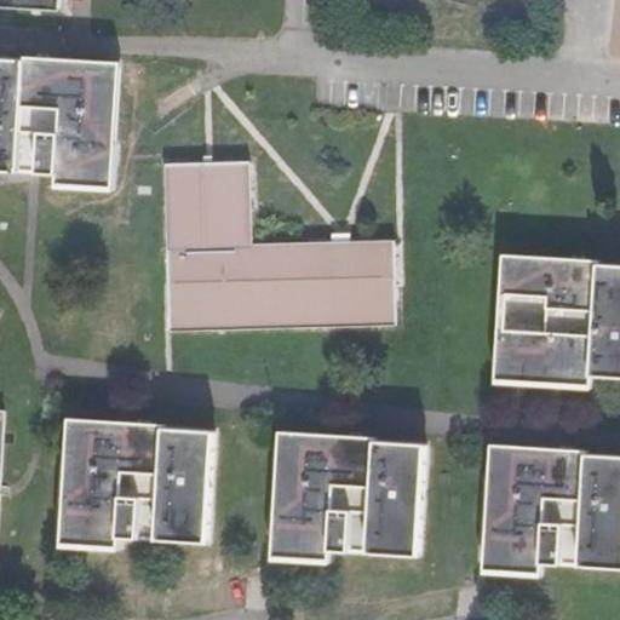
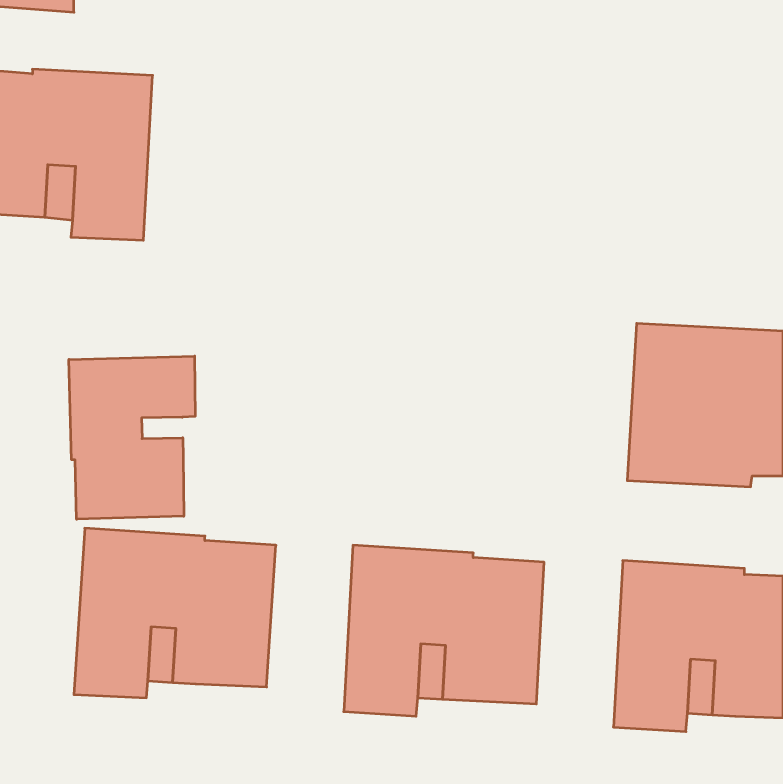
building: [162,162,394,333] -> none
building: none -> [69,356,195,519]

